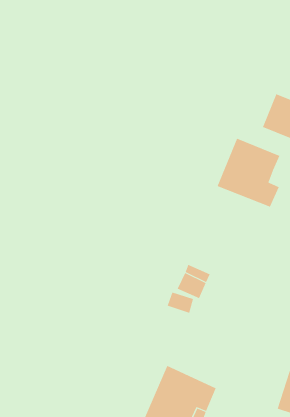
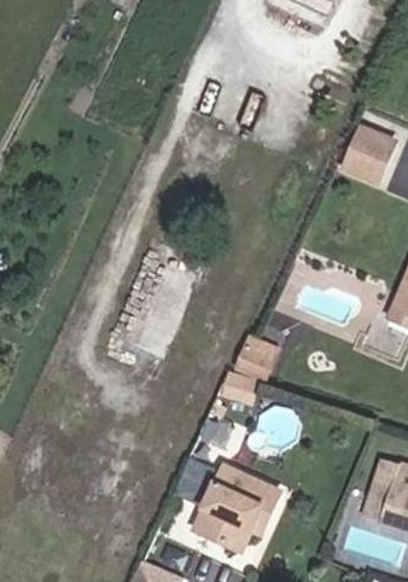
building: [217,138,280,208] -> none

